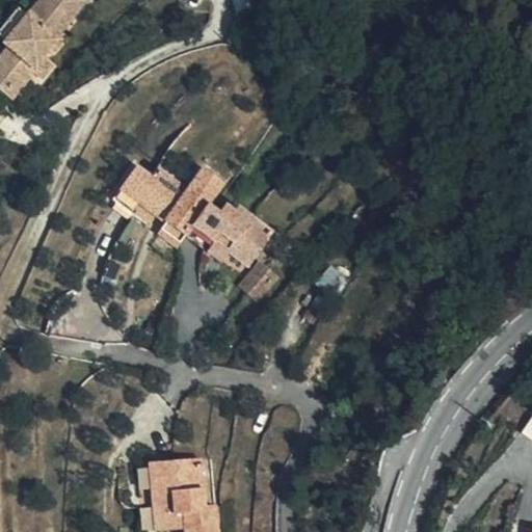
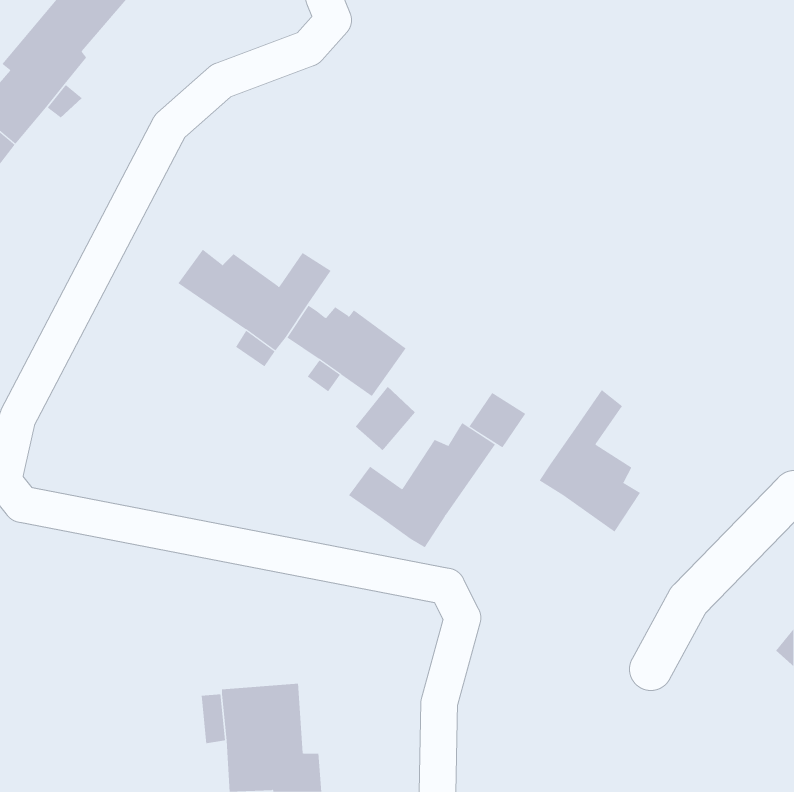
building: none -> [539,389,641,532]
building: none -> [348,422,496,548]

